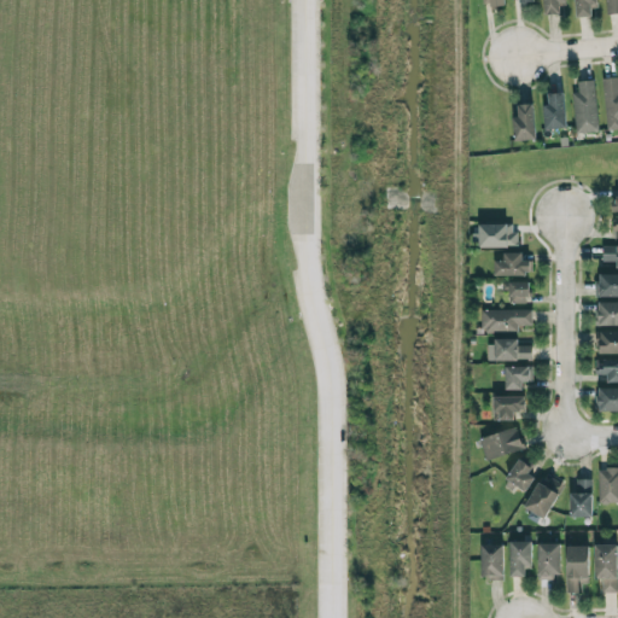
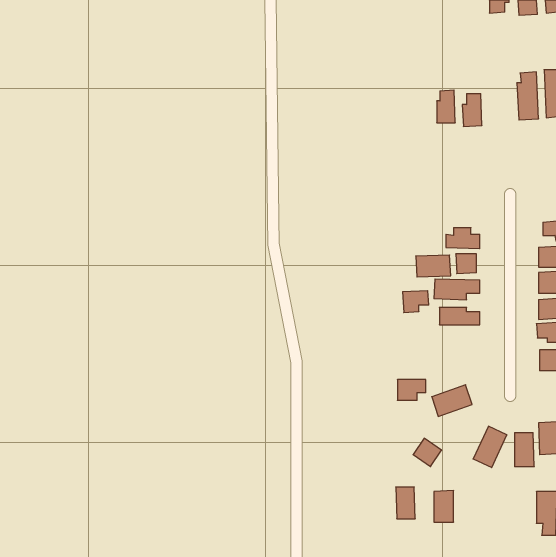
building: [544,92,565,128] -> [437,90,455,123]
building: [478,223,517,247] -> [416,255,451,277]
building: [505,366,534,390] -> [403,291,429,313]
building: [494,396,525,419] -> [397,380,426,400]
building: [506,460,537,491] -> [413,438,442,467]
building: [509,541,531,576] -> [396,487,415,519]
building: [537,543,561,578] -> none
building: [566,546,589,593] -> none

